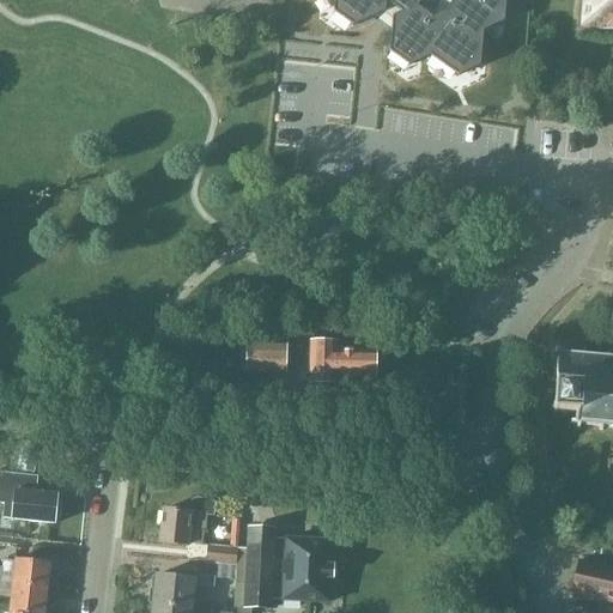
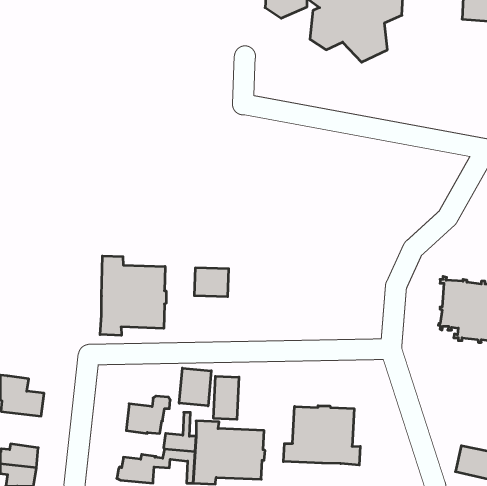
building: none -> [100,256,166,335]
building: [310,339,376,384] -> none
building: none -> [179,368,211,406]
building: none -> [214,376,239,419]
building: none -> [283,406,360,465]

